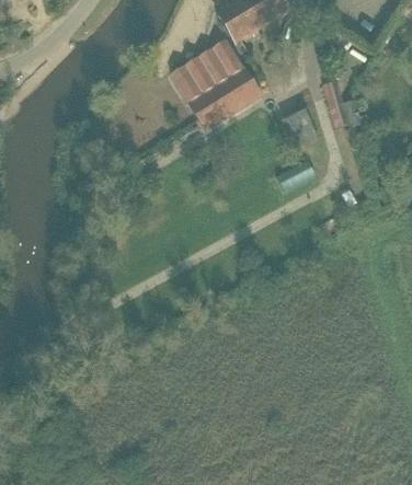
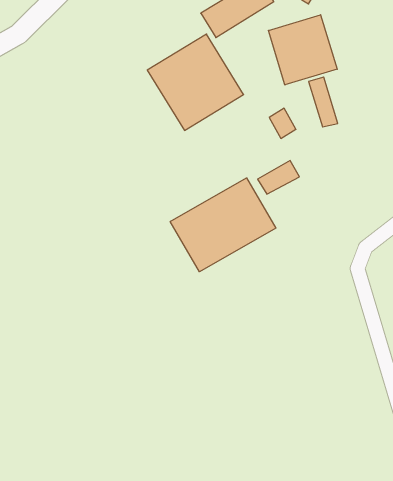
building: none -> [268,15,337,85]
building: none -> [170,178,276,272]

